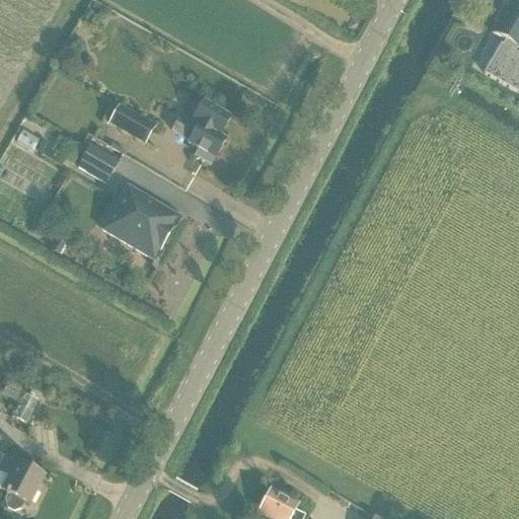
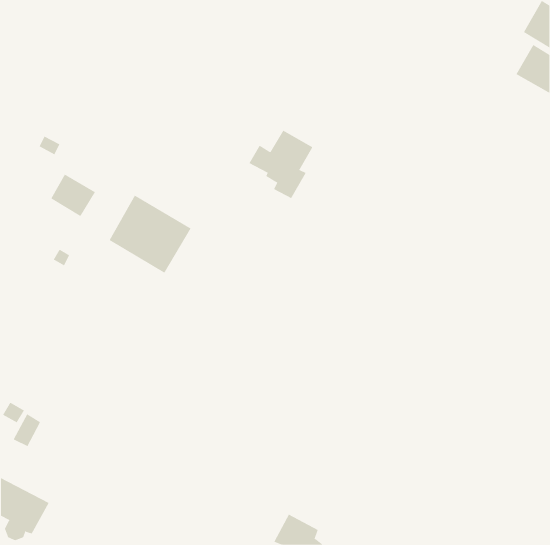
building: [171,96,232,161] -> [248,130,313,199]
building: [109,101,156,141] -> none
building: [77,141,120,181] -> [51,174,96,217]

